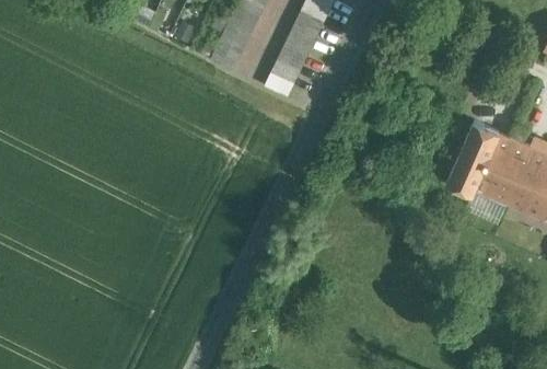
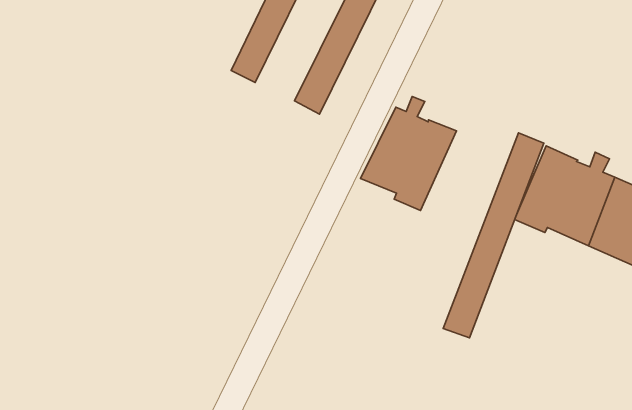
building: none -> [360,96,457,210]
building: none -> [443,133,544,338]

